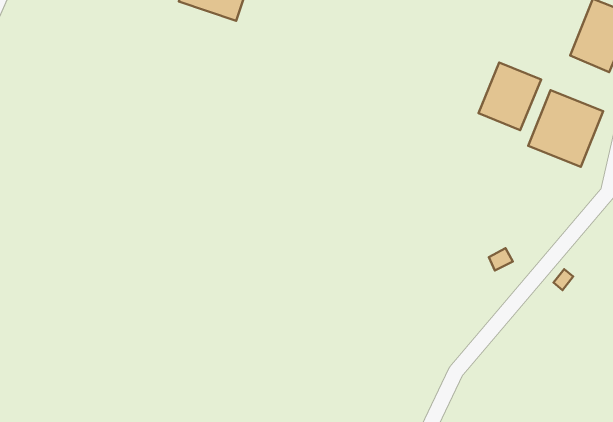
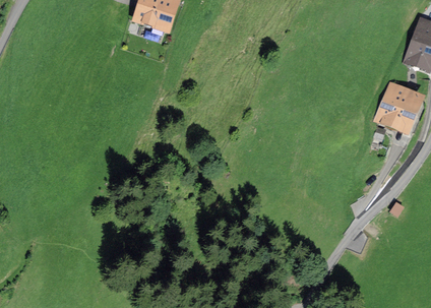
building: [478,63,541,130] -> none

